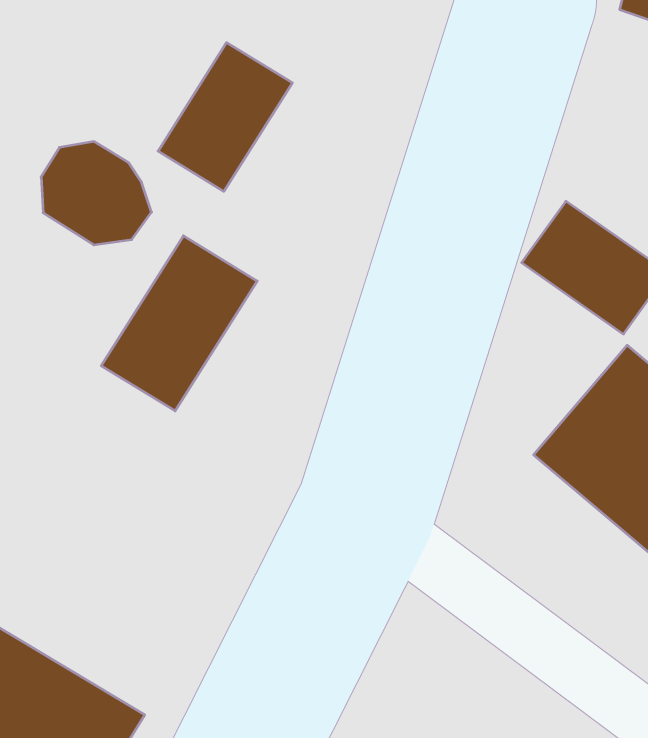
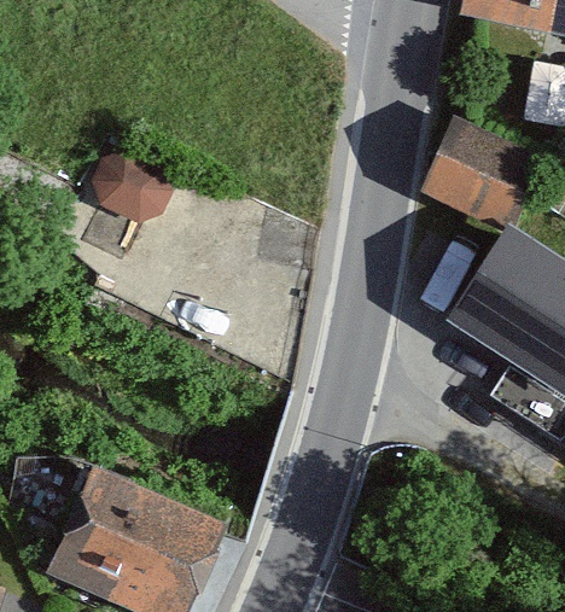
building: [158,43,292,191] -> none
building: [101,236,257,411] -> none

